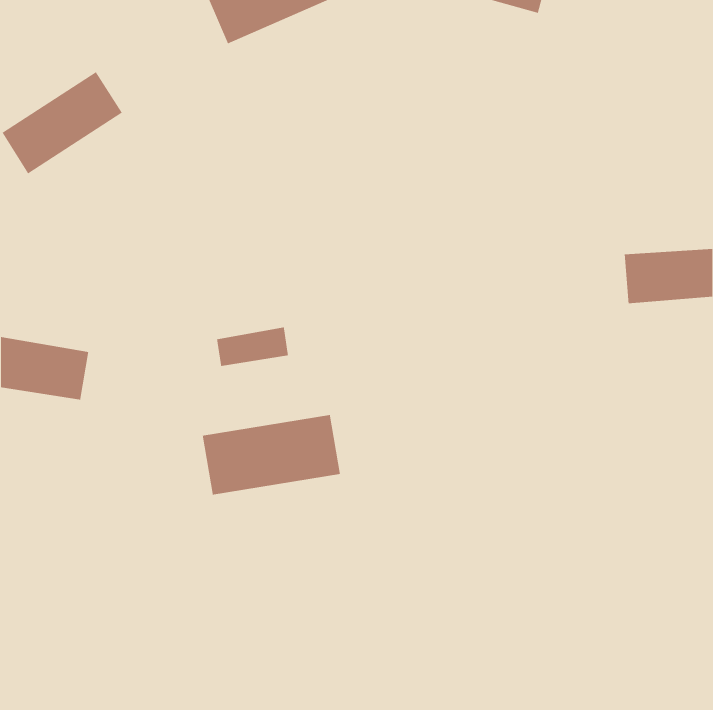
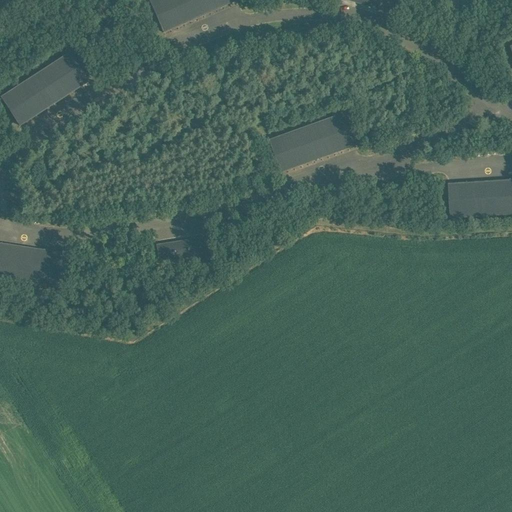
building: none -> [268,111,356,171]
building: [202,414,341,495] -> none

